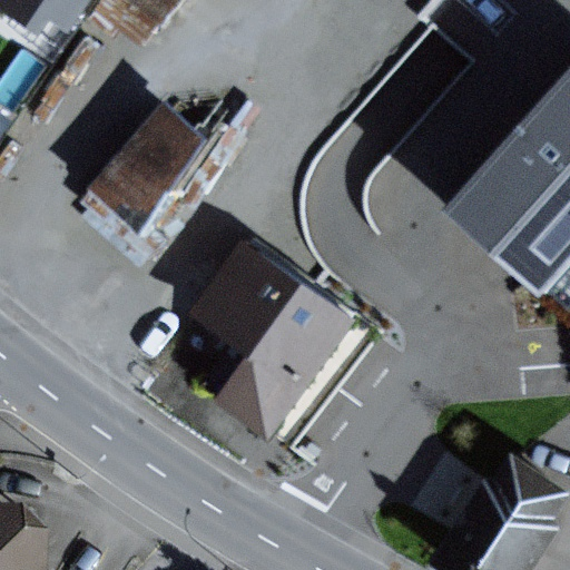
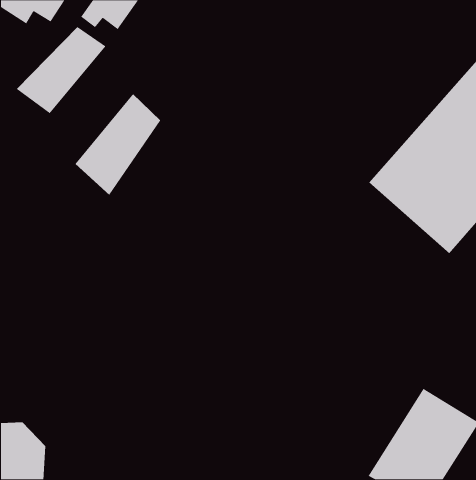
building: none -> [16,26,106,114]
building: [203,246,352,434] -> none

